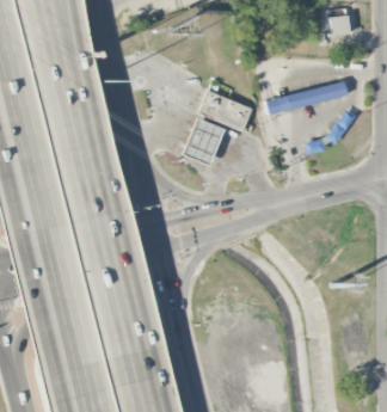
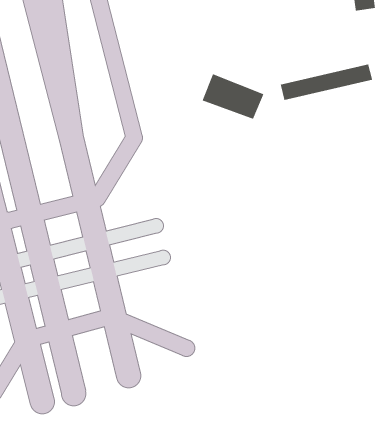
building: [180,117,222,166] -> none

